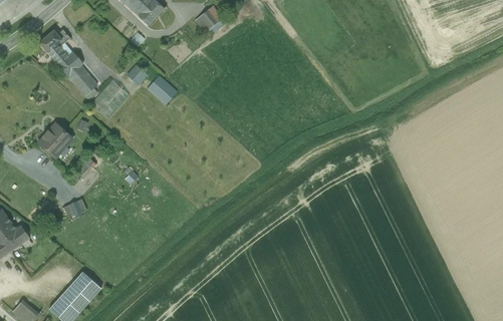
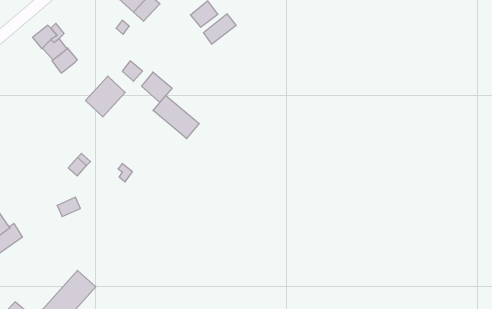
building: none -> [204,14,236,44]
building: [68,65,97,95] -> none
building: none -> [153,95,199,139]
building: [38,122,72,157] -> none

